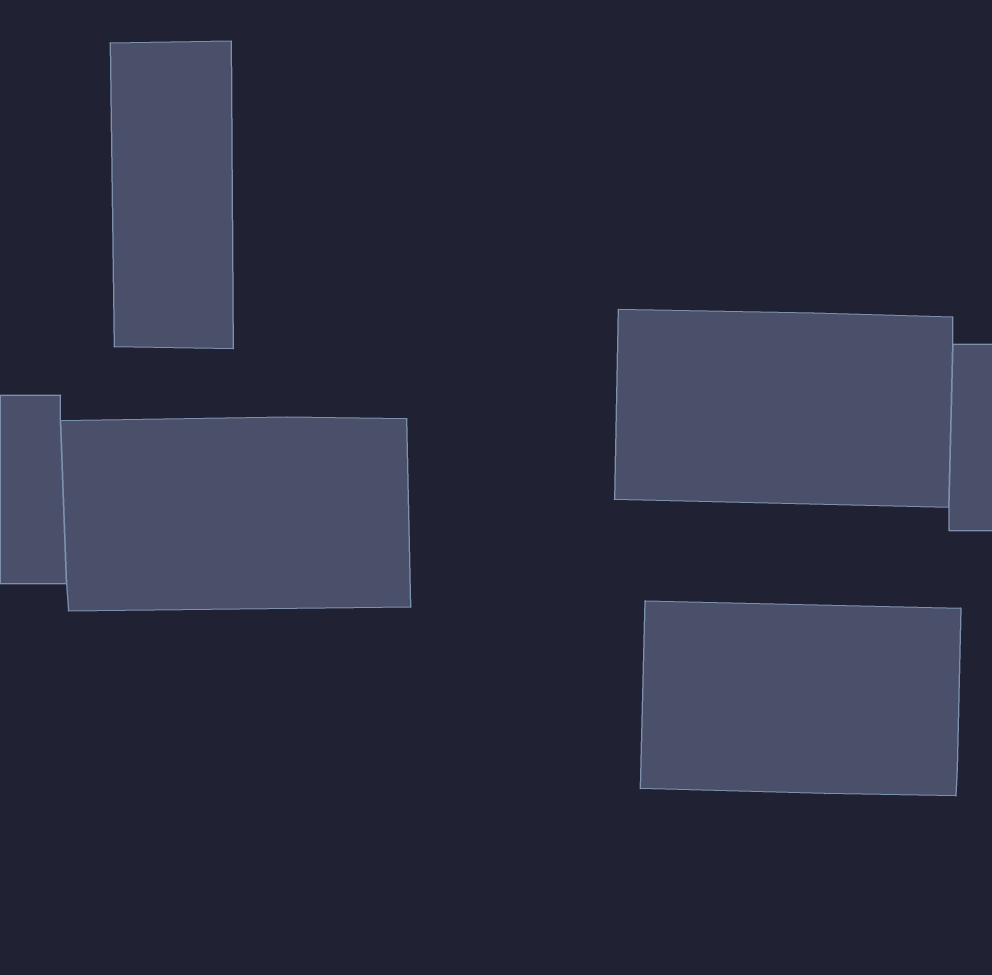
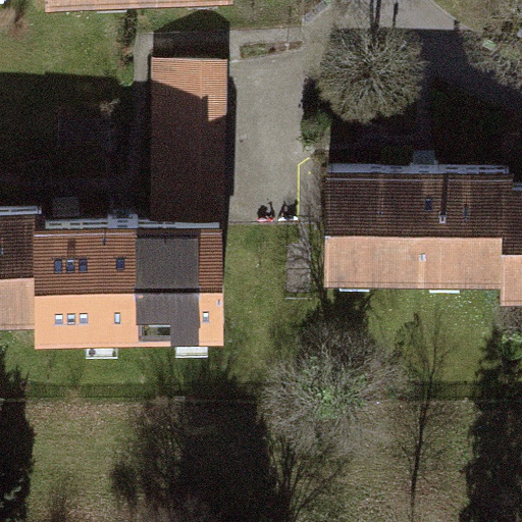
building: [110,41,233,349] -> [152,71,216,231]
building: [640,601,961,796] -> none

